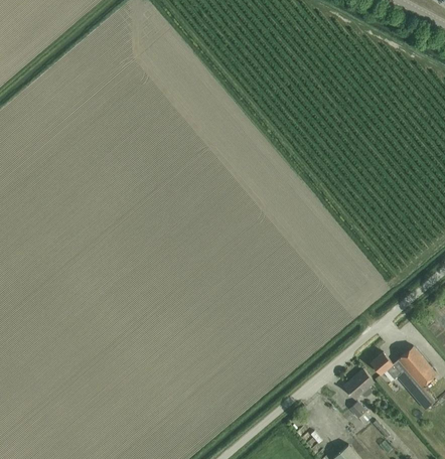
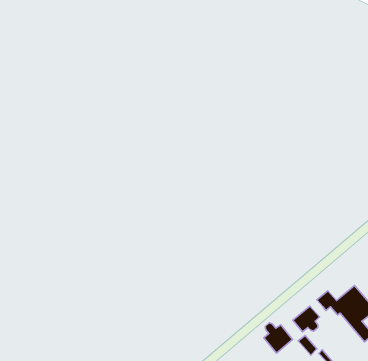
building: none -> [264,323,293,353]

